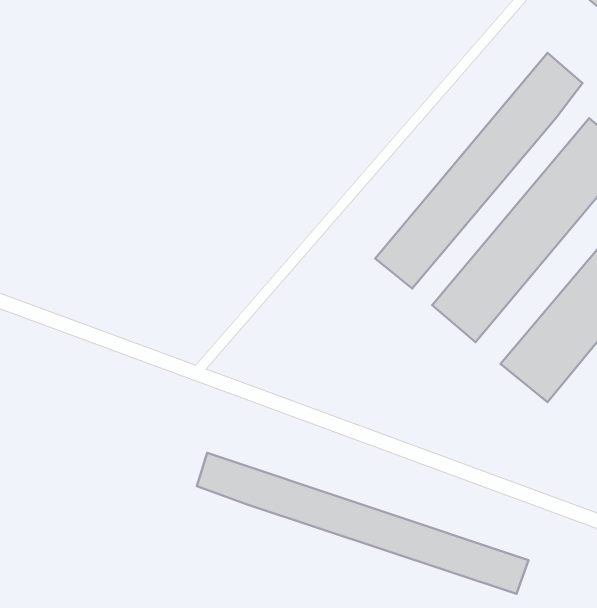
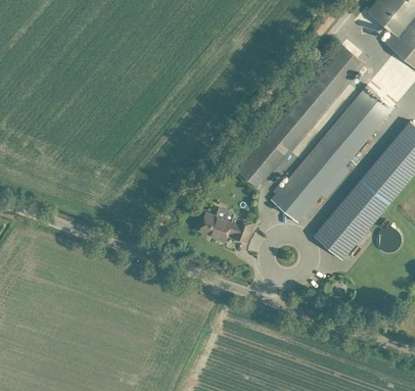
building: none -> [200,212,253,242]
building: [197,453,528,594] -> none

